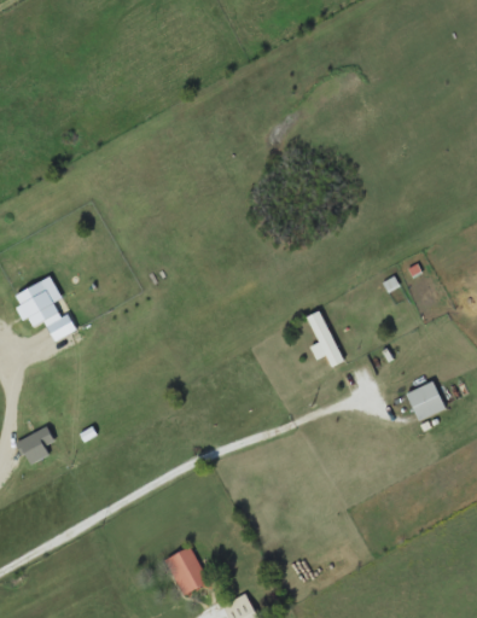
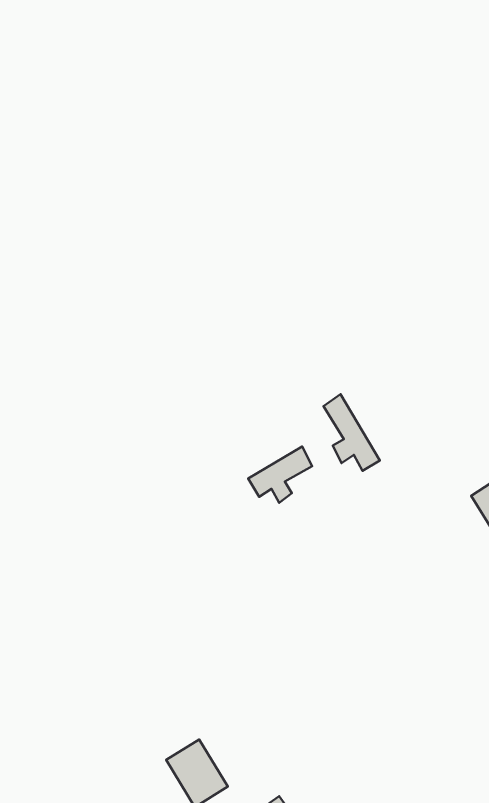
building: none -> [248,446,312,503]

